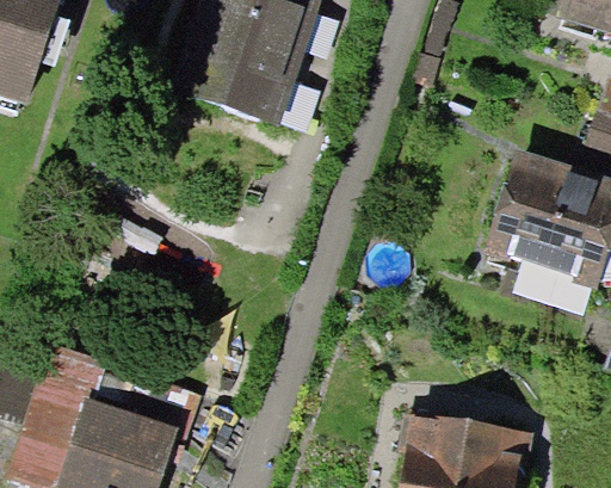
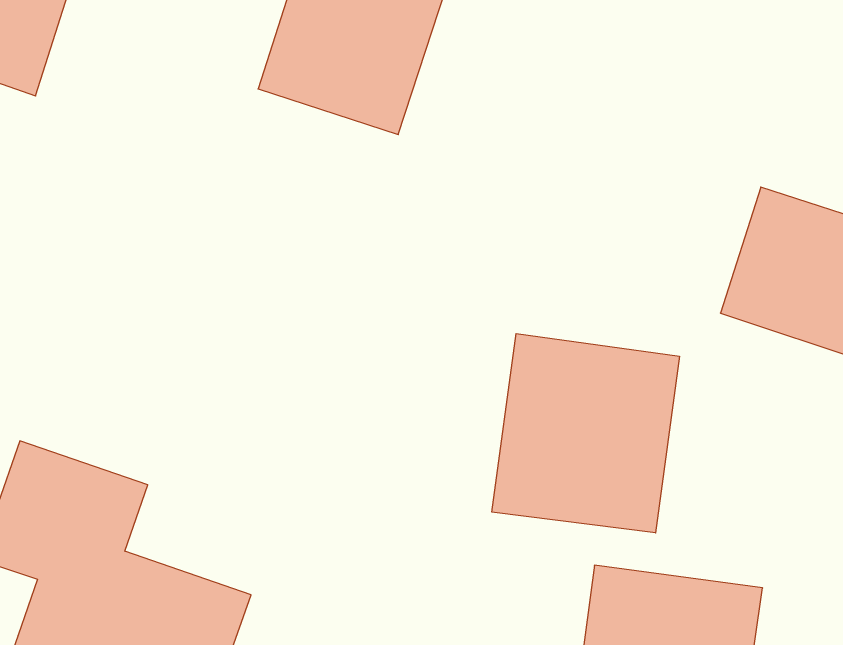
building: none -> [492,334,679,533]

